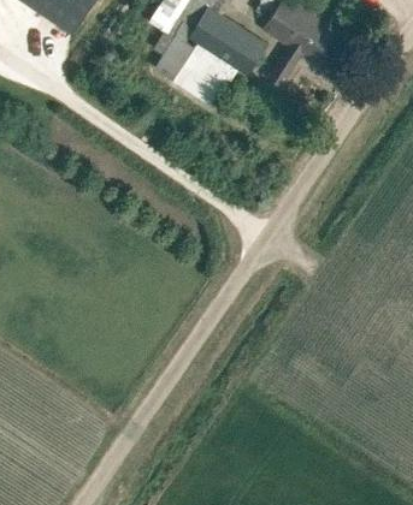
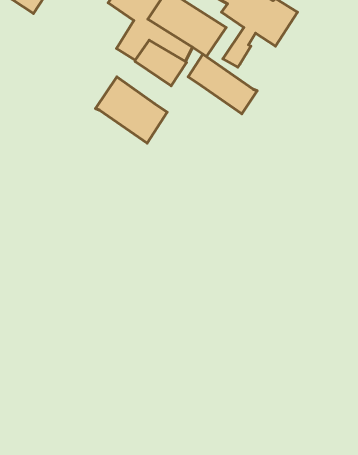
building: none -> [188,54,257,114]
building: none -> [95,77,167,143]

